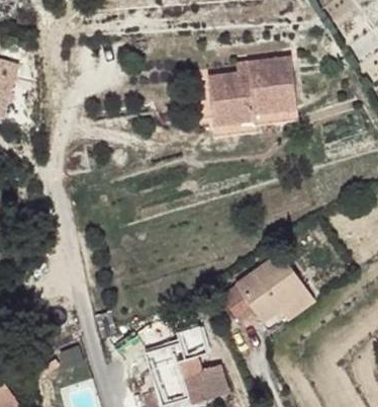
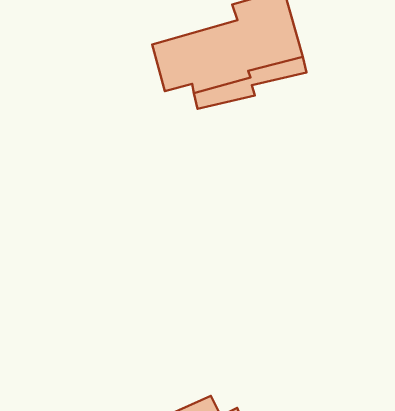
building: [225,254,307,322] -> none

